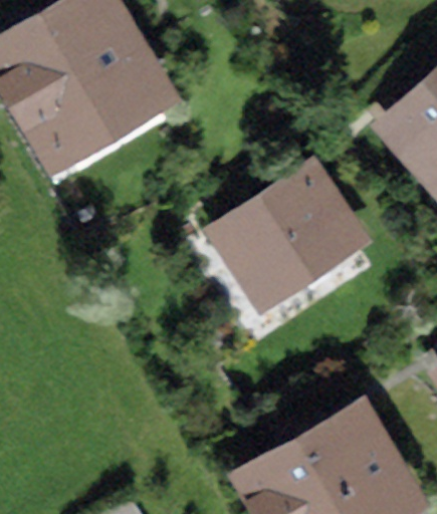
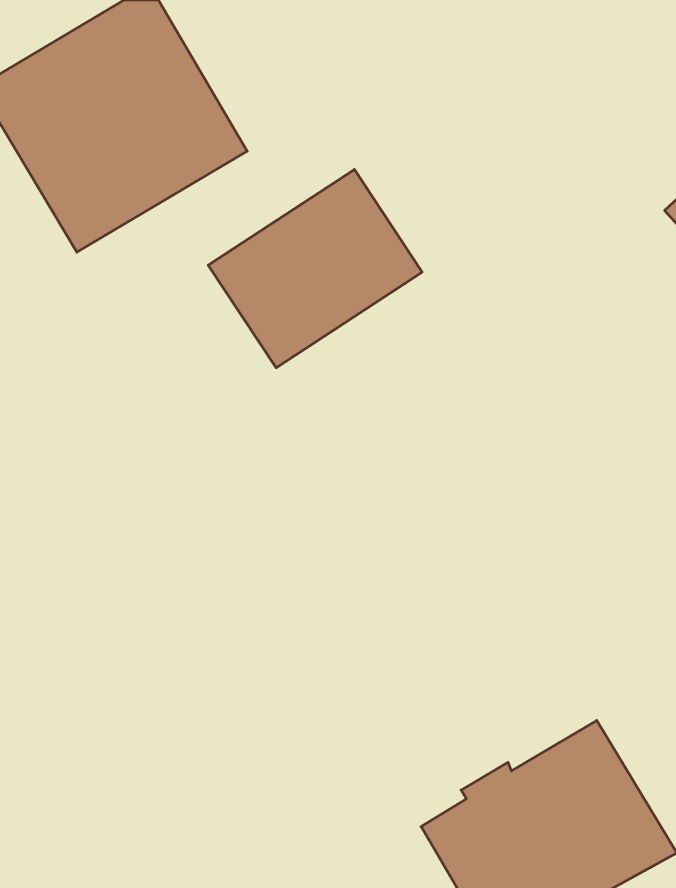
building: [224,174,348,288] -> [208,169,422,368]

